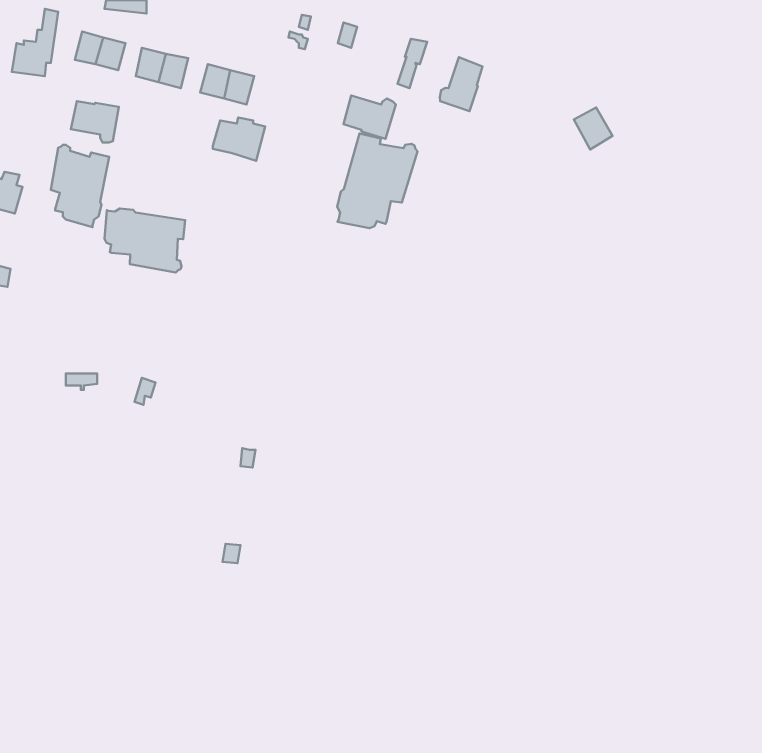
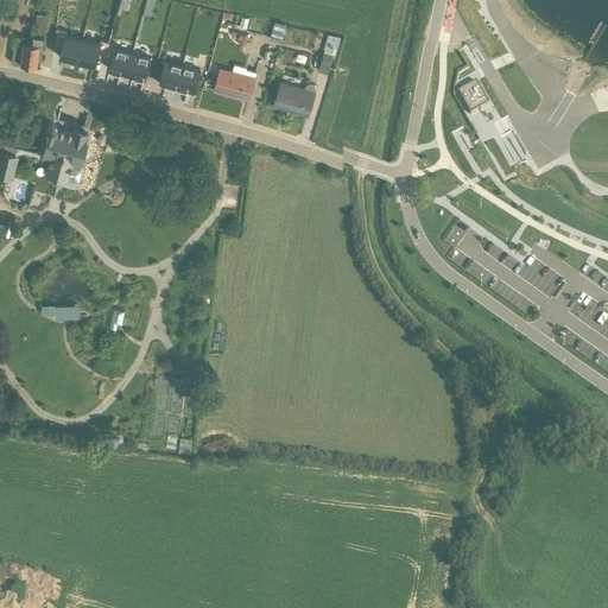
building: [440,57,483,111] -> none
building: [71,101,119,142] -> none
building: [213,117,265,161] -> [213,68,254,102]
building: [337,134,417,228] -> none
building: [105,208,185,273] -> none

